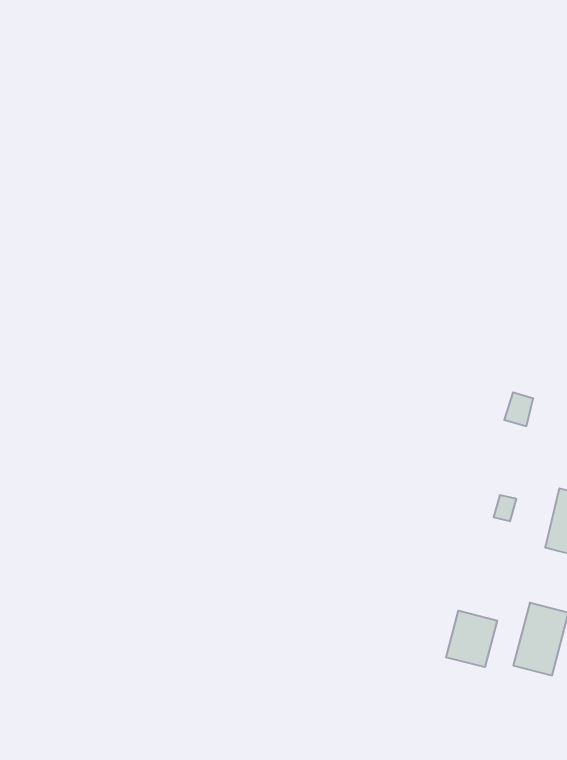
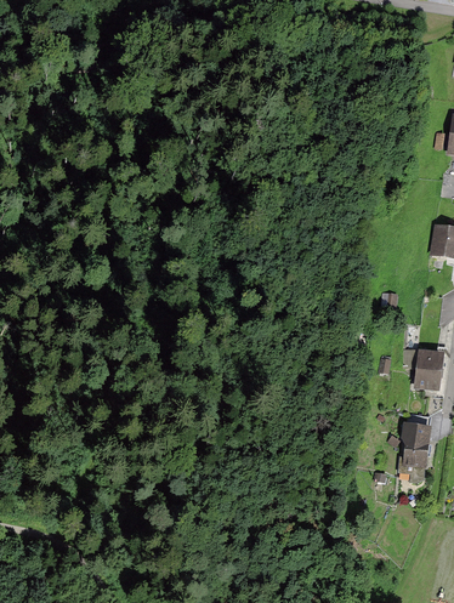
building: [446,611,497,667] -> none

